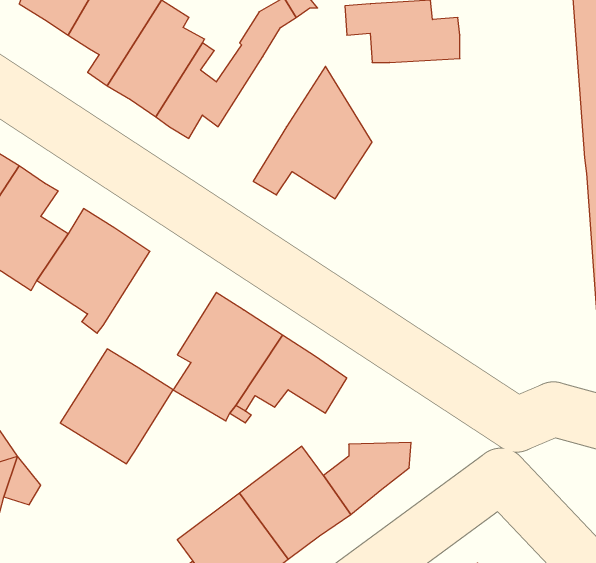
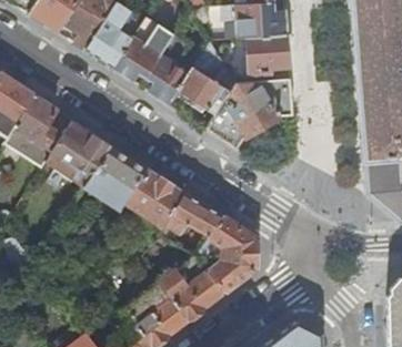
building: none -> [149,34,188,105]
building: none -> [247,35,290,74]
building: none -> [207,79,293,150]
building: [60,349,173,464] -> [83,145,148,211]
building: none -> [197,217,259,256]

